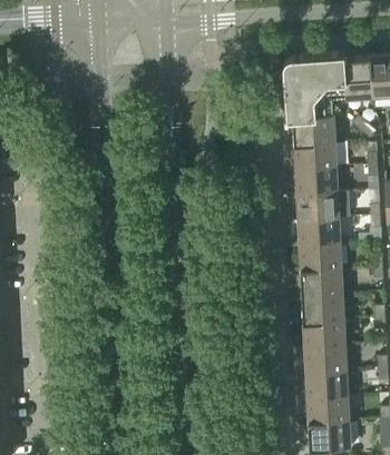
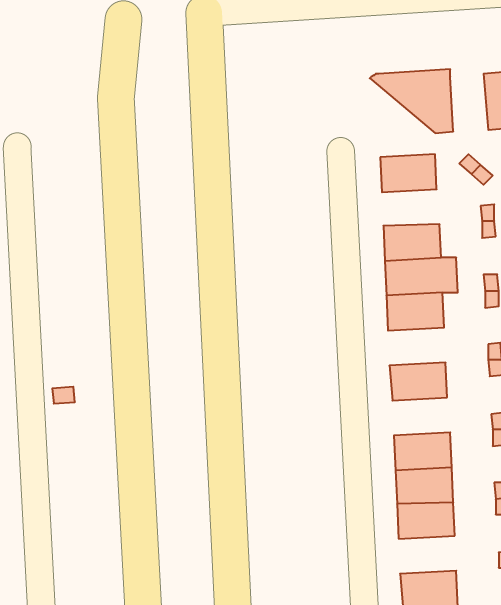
building: [344,57,372,99] -> none
building: [283,60,333,119] -> none
building: [294,141,337,168] -> none
building: [299,243,341,270] -> none
building: [302,294,344,322] -> none
building: [306,395,349,423] -> none

